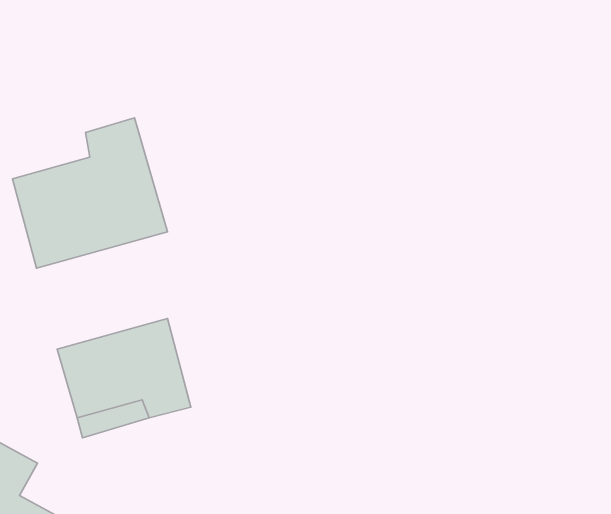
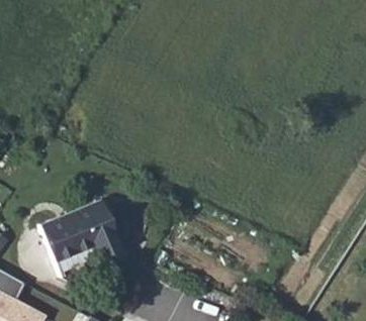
building: [12,118,168,268] -> none

